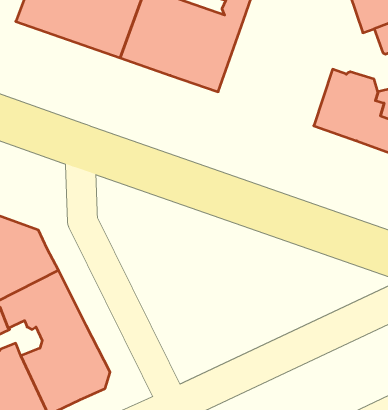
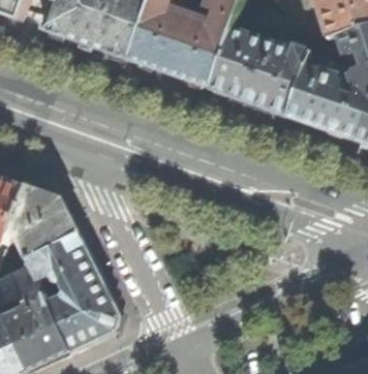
building: none -> [209,23,312,115]

